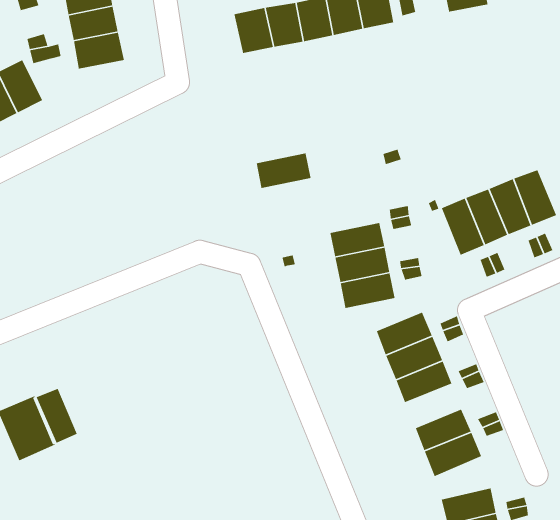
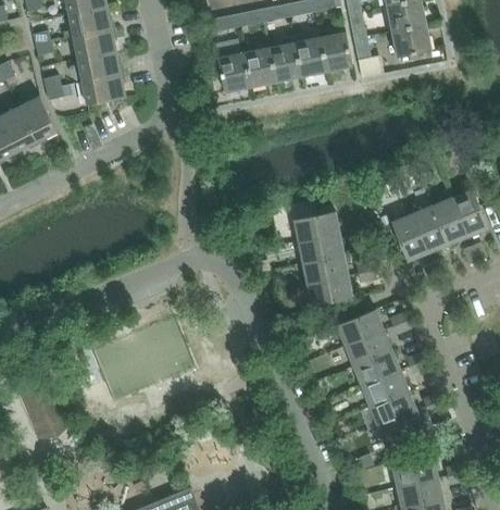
building: [256,153,311,189] -> [292,211,339,241]
building: none -> [360,369,408,406]
building: [36,388,78,444] -> none

